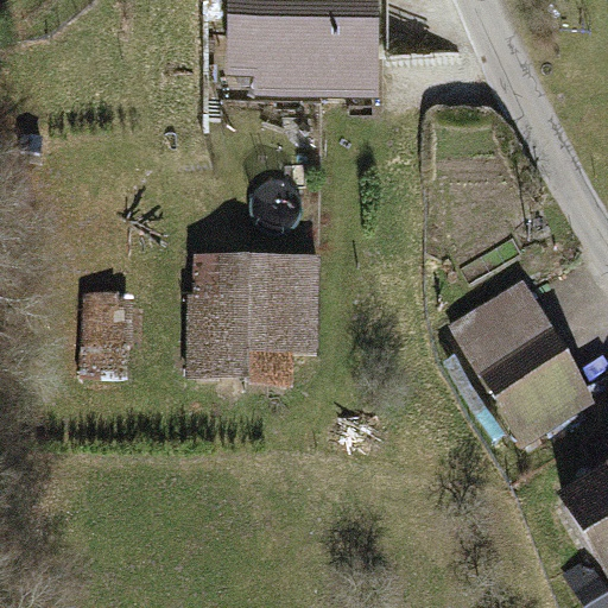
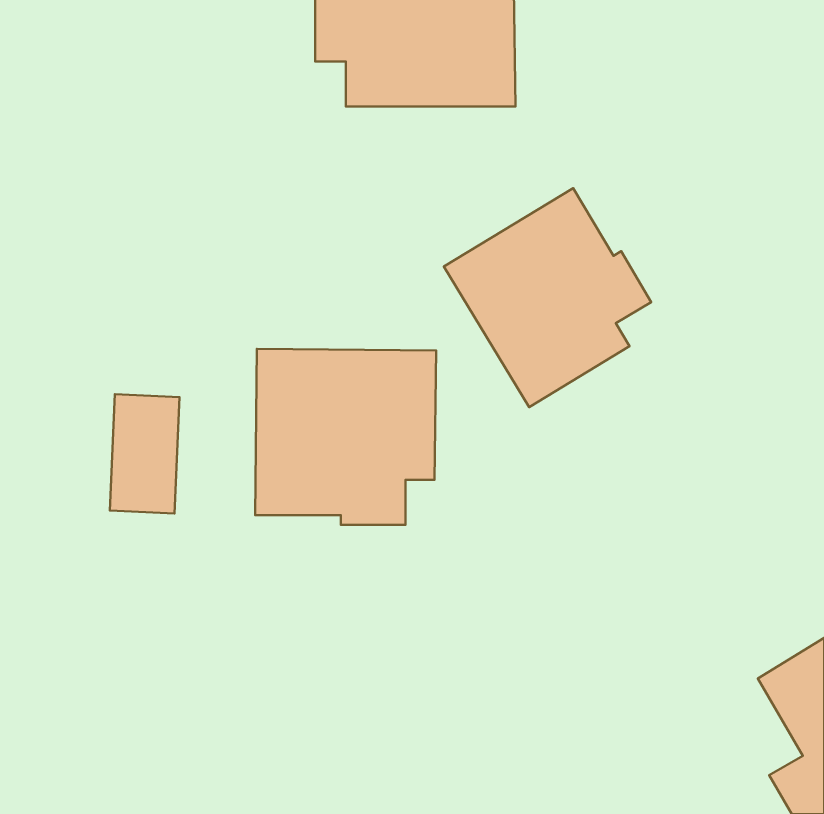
building: none -> [444,188,651,407]
building: [448,279,596,446] -> none

